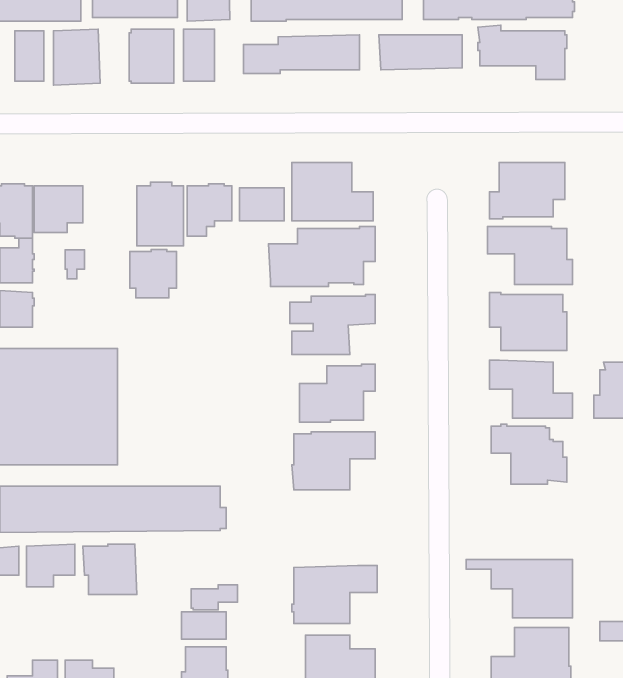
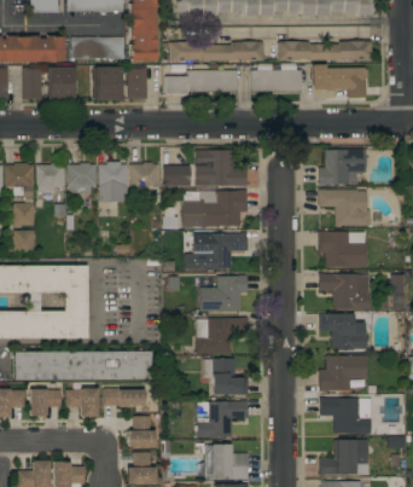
building: [130,249,176,298] -> [68,163,97,193]
building: none -> [319,355,367,392]
building: none -> [203,358,248,395]
building: none -> [103,388,144,410]

